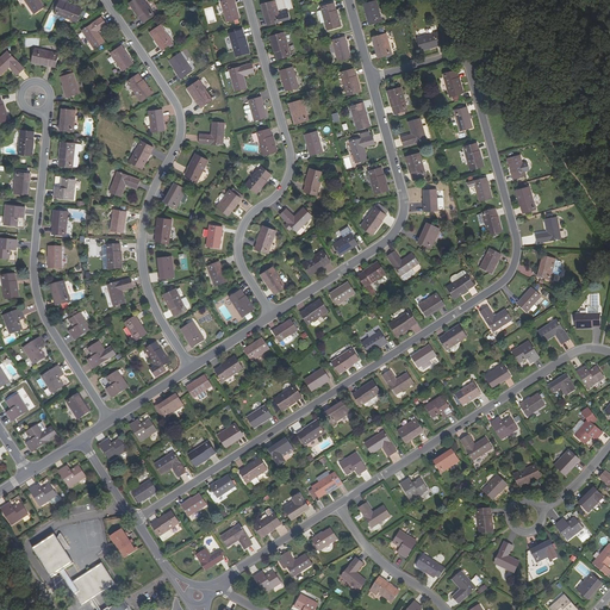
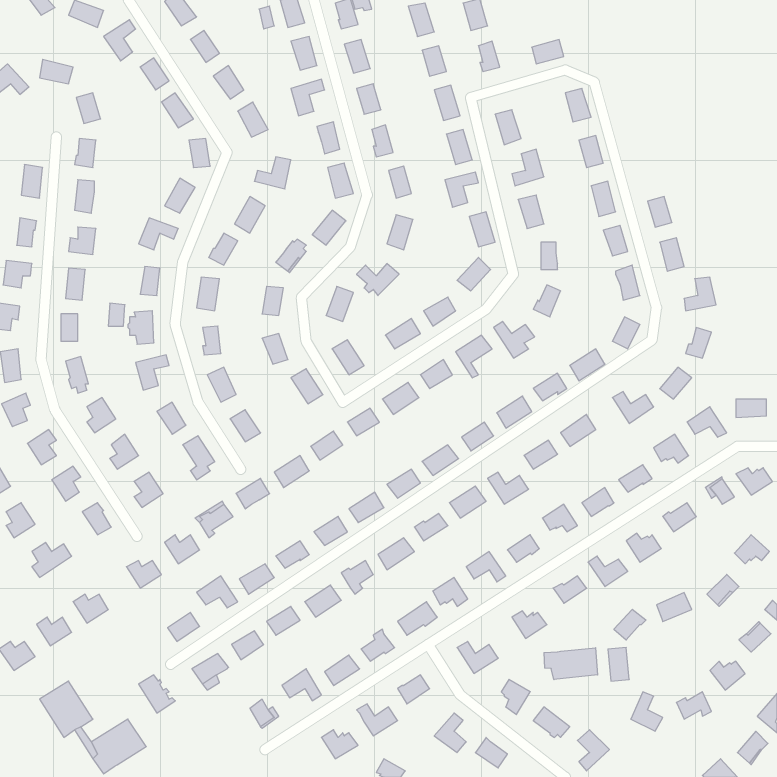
building: none -> [544,648,598,680]

